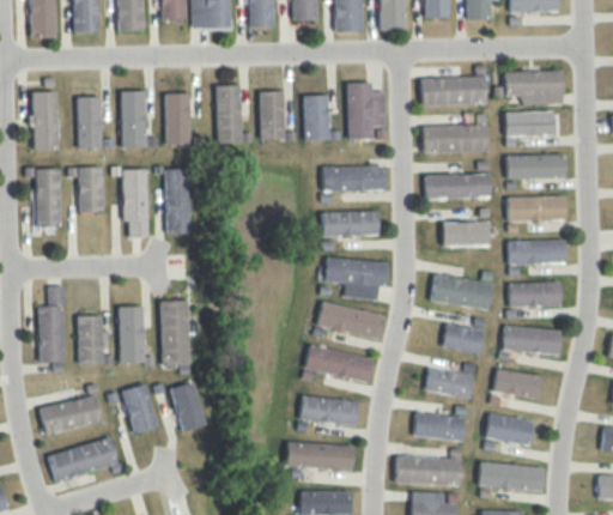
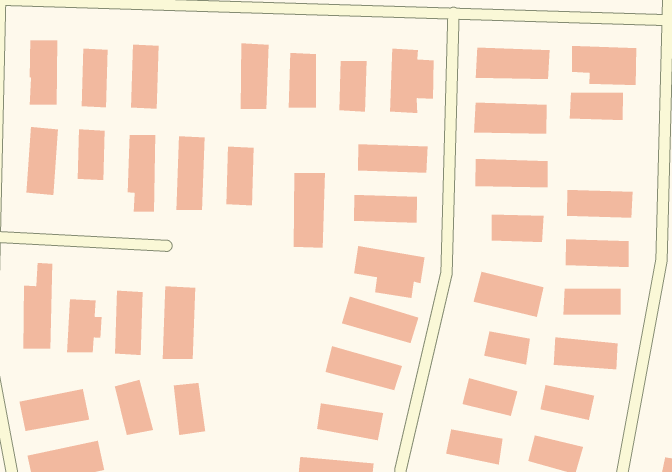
building: [165,93,190,145] -> [225,146,254,206]
building: [506,154,564,178] -> none
building: none -> [293,172,326,249]

